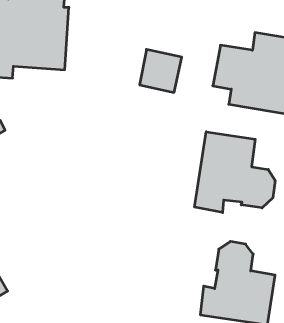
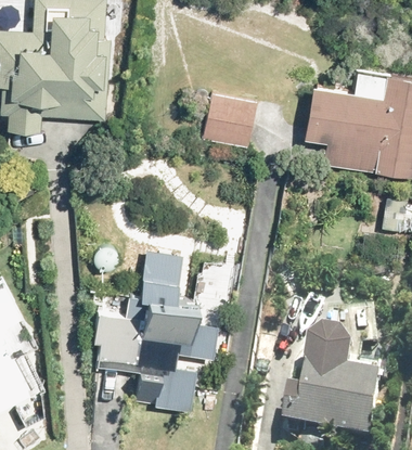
building: [195,132,275,213] -> none
building: none -> [94,253,218,410]

